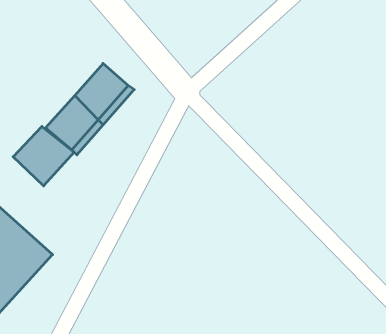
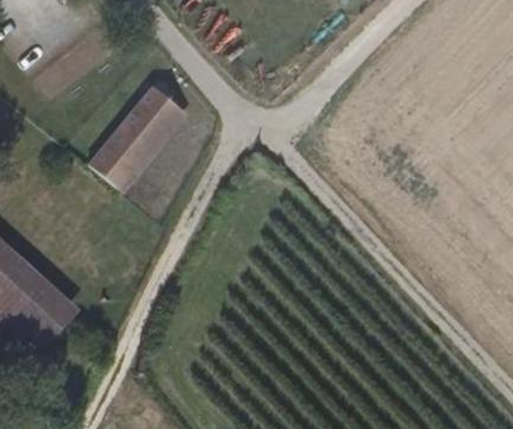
building: [13,126,74,186] -> none

